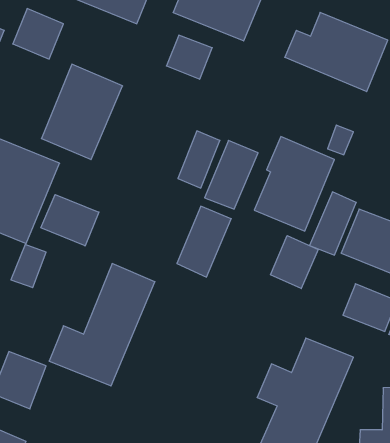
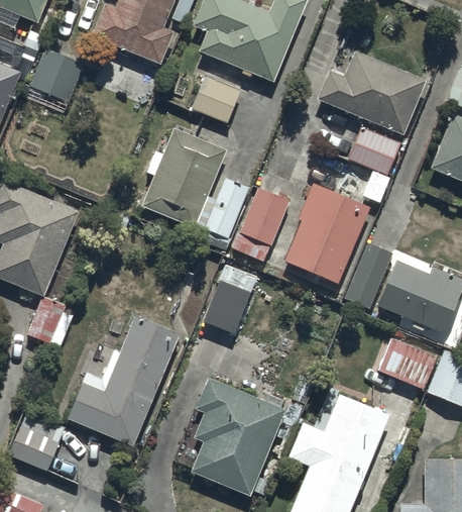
building: [41,64,123,160] -> [141,127,227,228]
building: none -> [348,126,400,175]
building: [41,195,99,246] -> none
building: [270,236,318,289] -> none
building: none -> [191,378,286,497]

